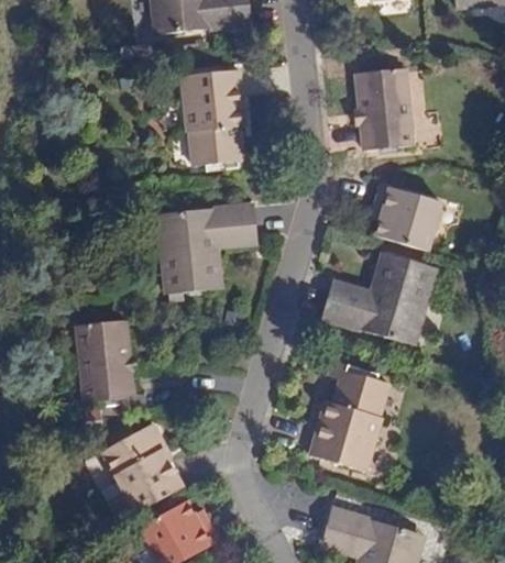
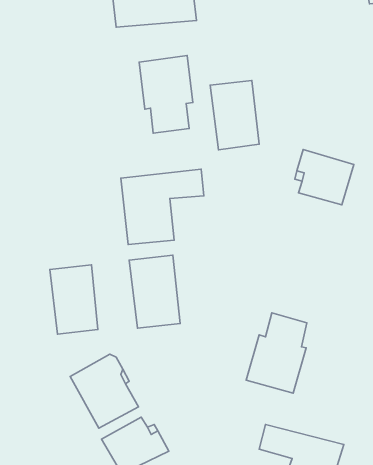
building: [355,67,414,150] -> [210,81,259,150]
building: [322,253,436,344] -> none
building: none -> [129,255,180,328]

